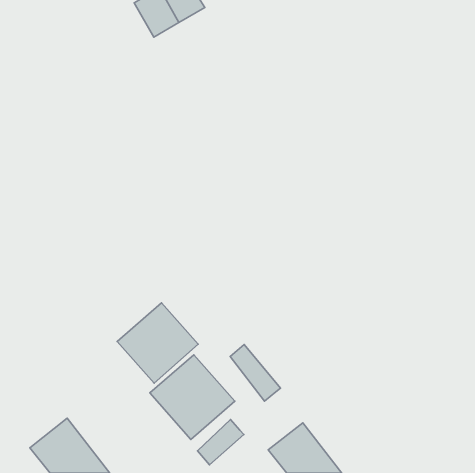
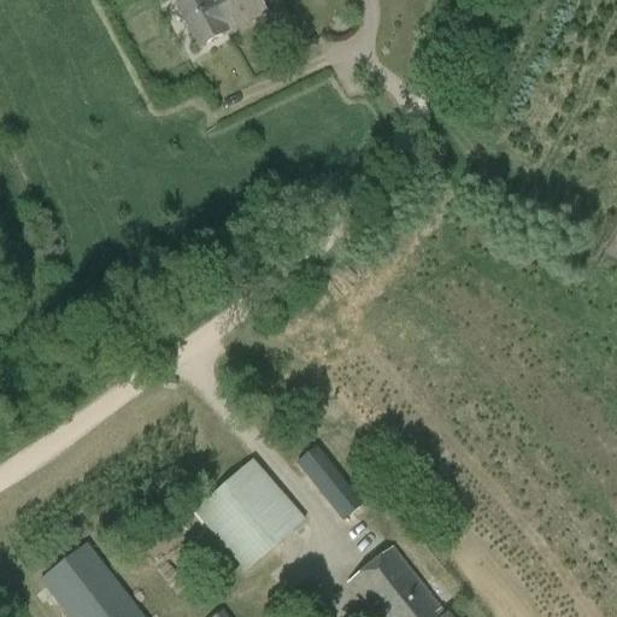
building: [117,303,198,383] -> none
building: [198,419,244,465] -> none

